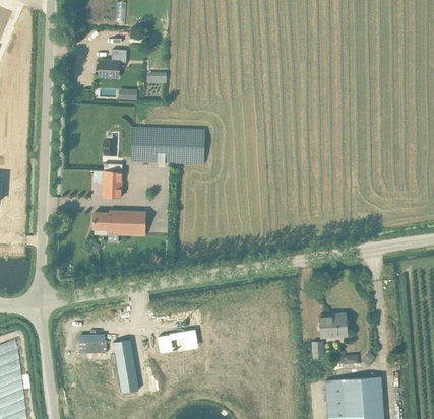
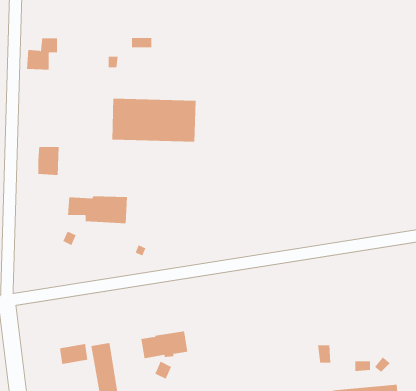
building: [98,49,125,77] -> [26,38,58,70]
building: [102,171,121,197] -> [37,146,60,175]
building: [318,313,346,337] -> none

